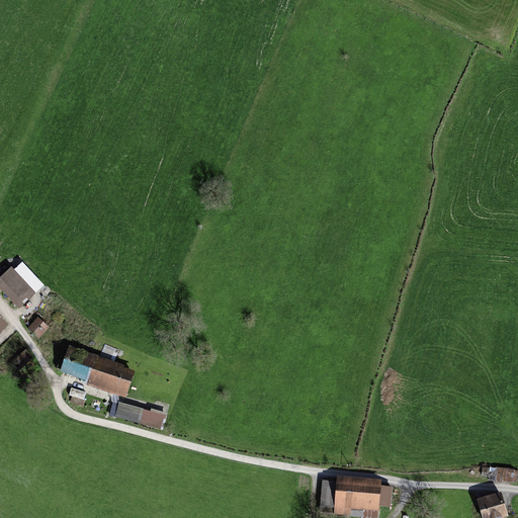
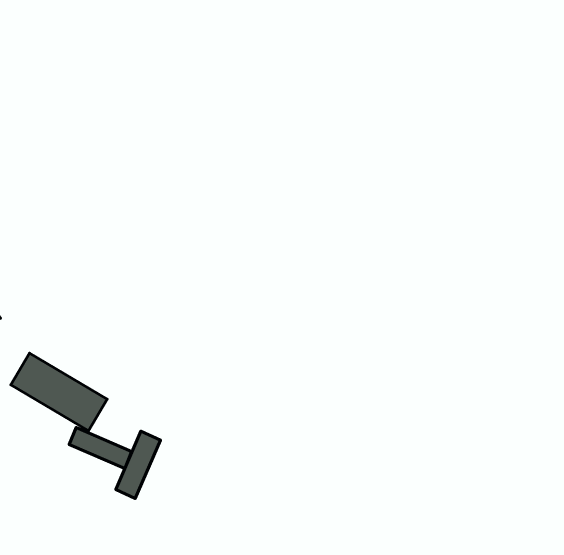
building: none -> [116,431,160,498]

